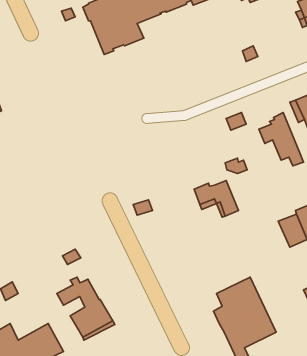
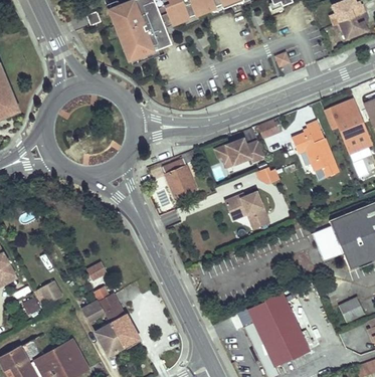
building: none -> [215,139,265,168]
building: none -> [163,152,196,198]
building: none -> [35,280,63,307]

